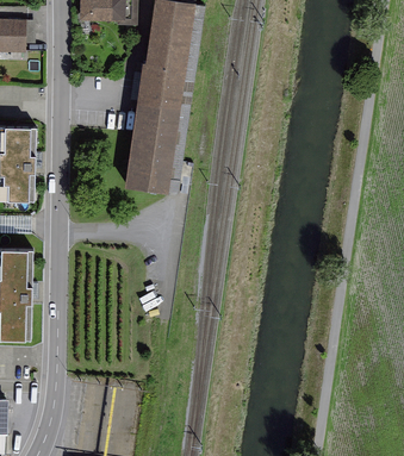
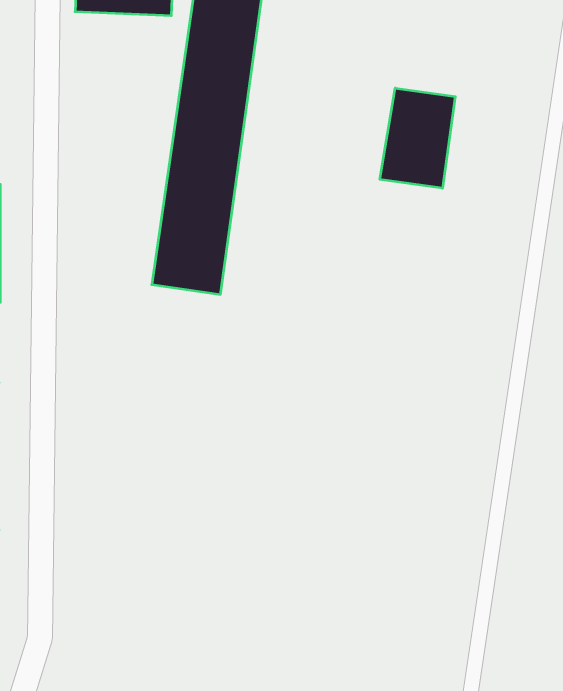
building: none -> [380,88,455,188]

